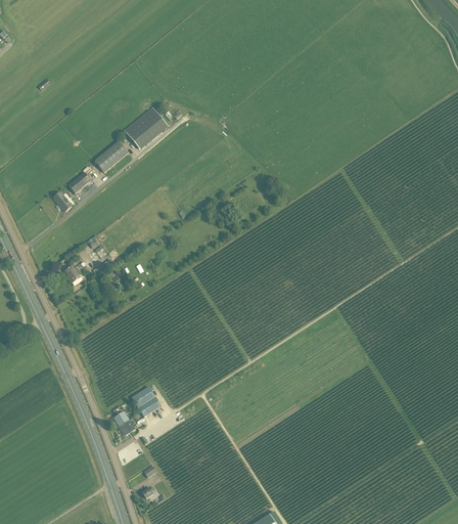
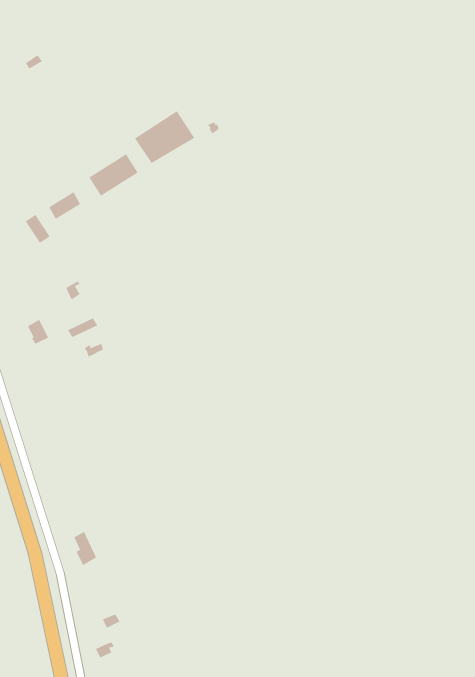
building: [132,386,162,417] -> none

